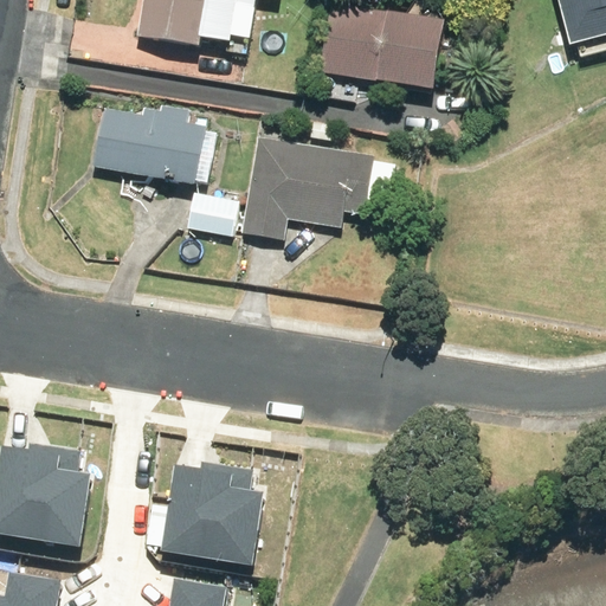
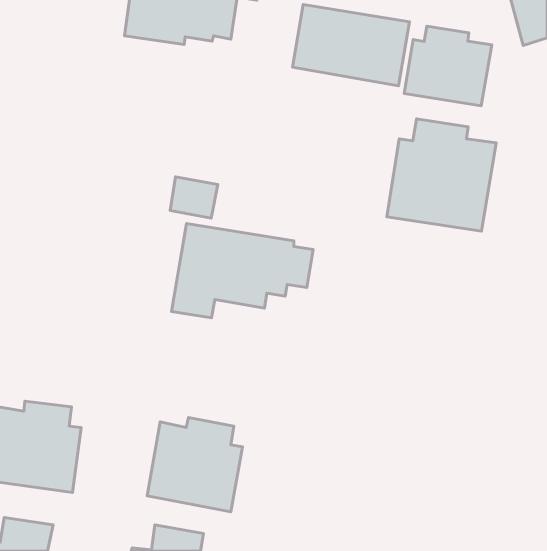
building: none -> [404,26,492,106]
building: [92,105,217,188] -> none
building: none -> [387,119,496,231]
building: [239,137,394,240] -> [171,224,313,318]

